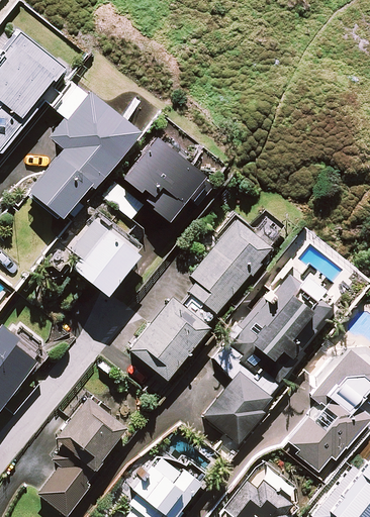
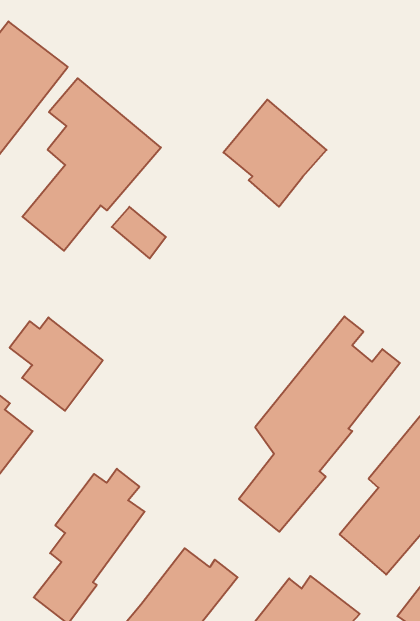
building: [124,135,207,221] -> [223,100,327,207]
building: [64,218,138,293] -> [10,317,103,411]
building: [129,220,274,380] -> none

